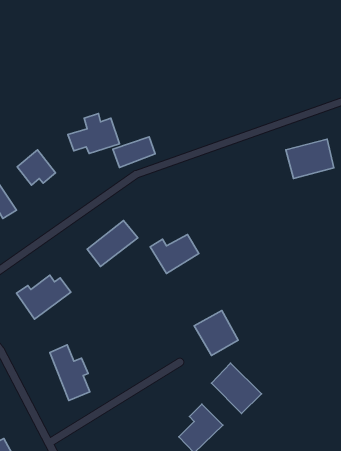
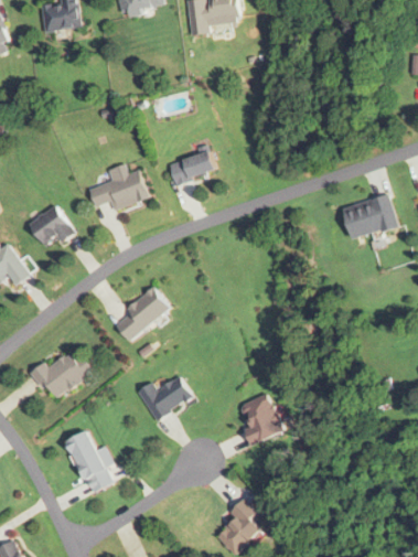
building: [113,137,155,167] -> [168,150,216,185]
building: [150,234,199,274] -> [138,376,194,421]
building: [211,363,261,414] -> none

